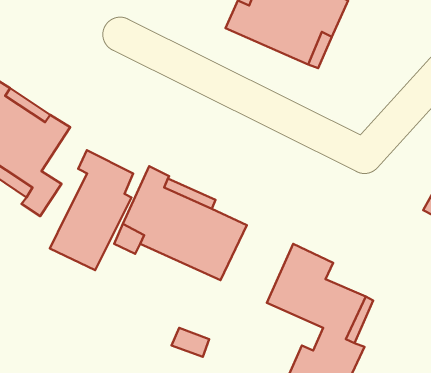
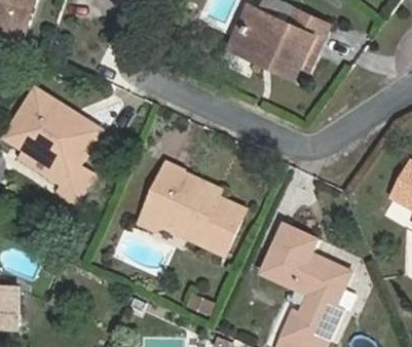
building: [50,150,133,270] -> none

